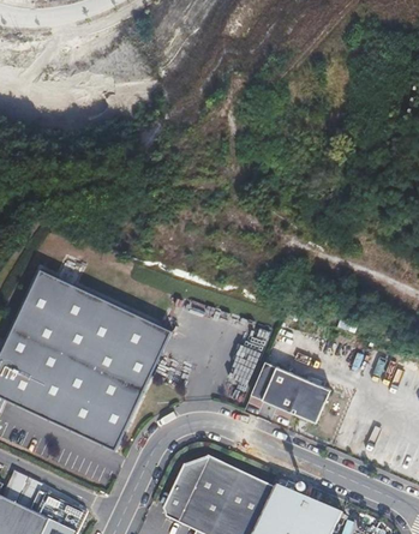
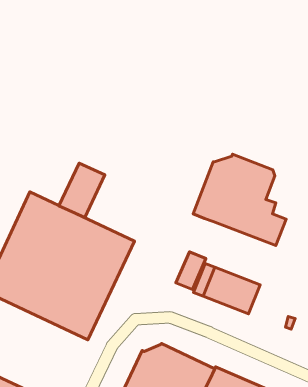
building: none -> [193,154,286,245]
building: none -> [59,163,105,217]

